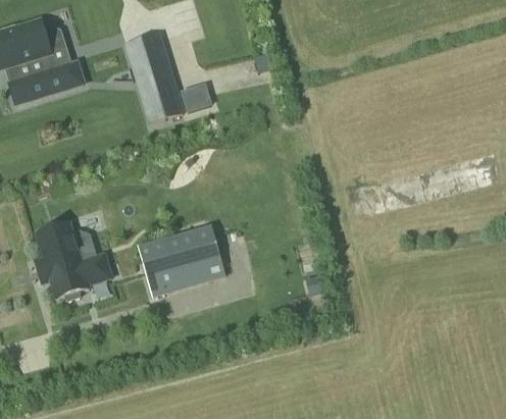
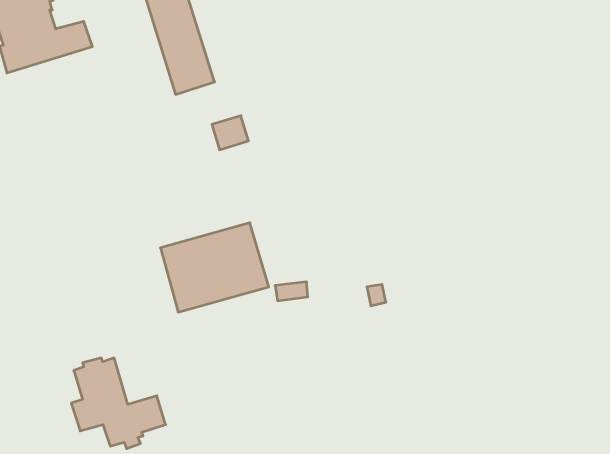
building: [181,83,210,110] -> [212,116,248,150]
building: [35,222,111,296] -> [71,358,166,449]

